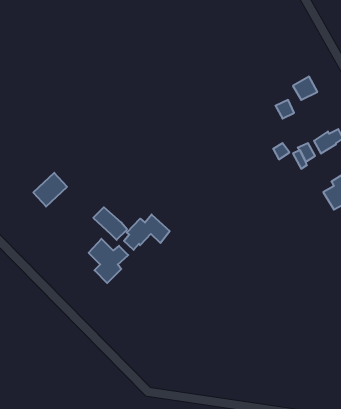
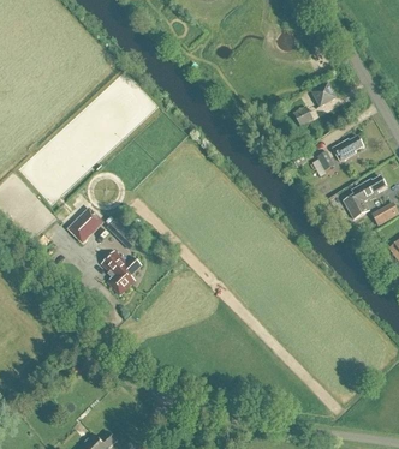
building: [33,173,67,207] -> [69,208,103,243]
building: [124,214,170,250] -> none

